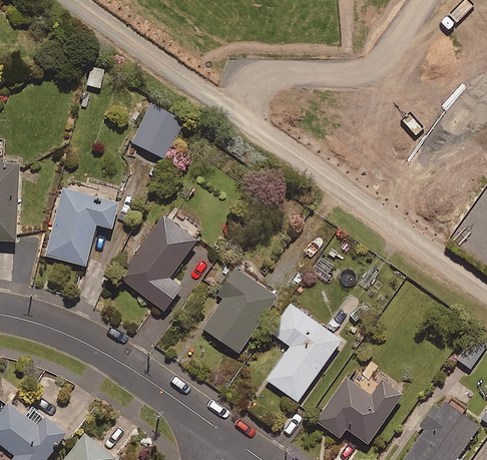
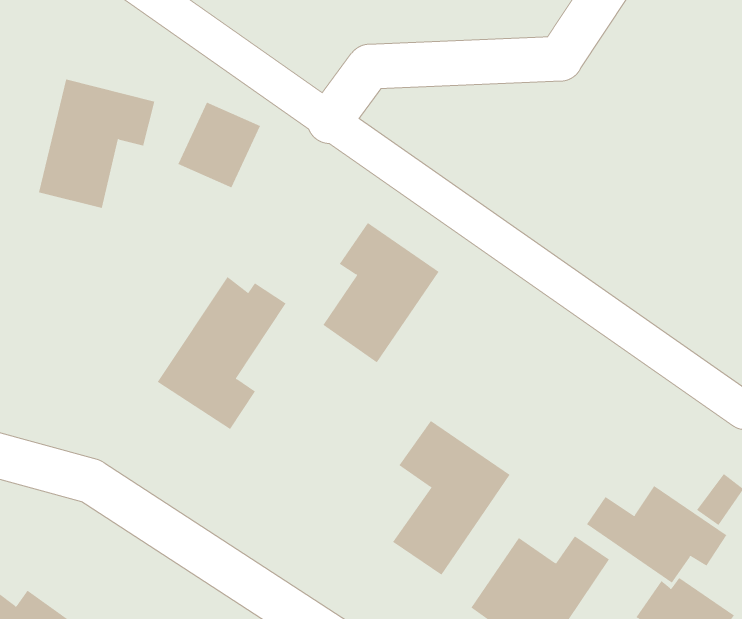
building: [44,185,117,267] -> [38,79,155,209]
building: [202,265,276,353] -> [323,222,440,363]
building: none -> [586,485,727,583]

